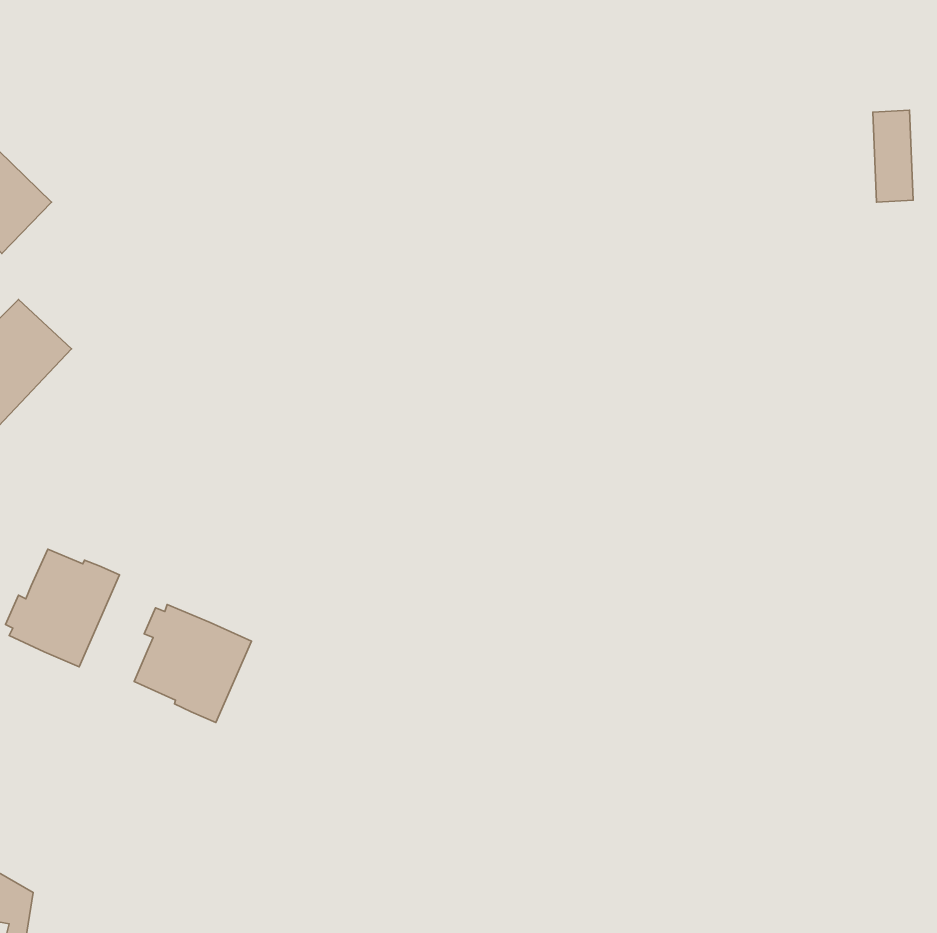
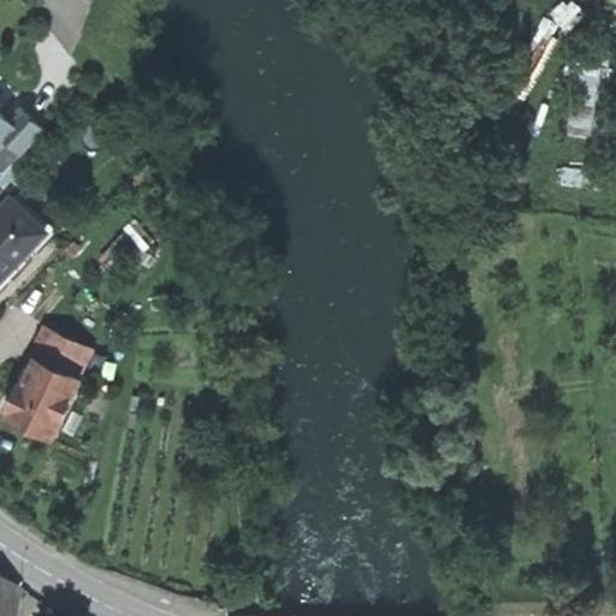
building: none -> [28,330,78,374]
building: [134,605,252,723] -> none

